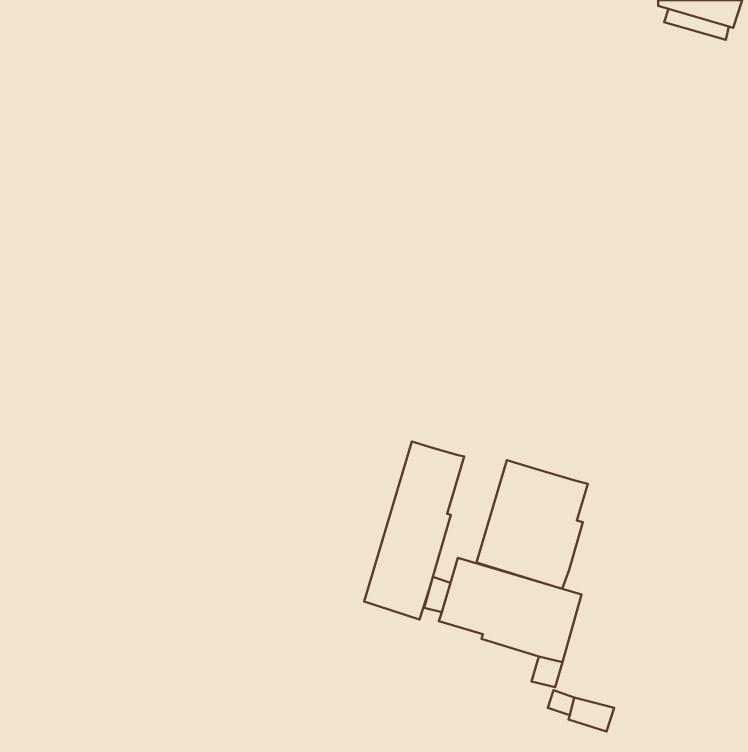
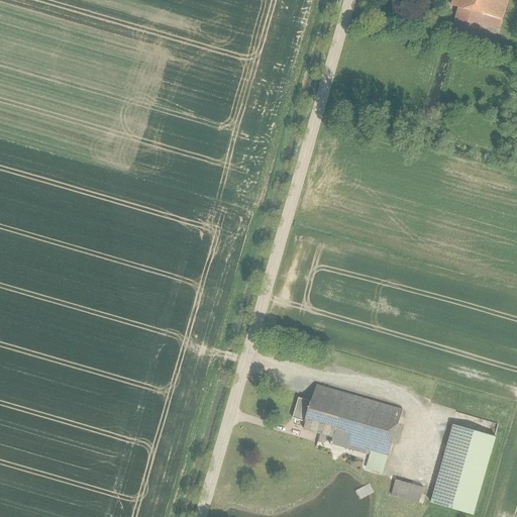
building: [364,441,464,619] -> none
building: [476,460,588,589] -> none
building: none -> [430,425,494,512]

